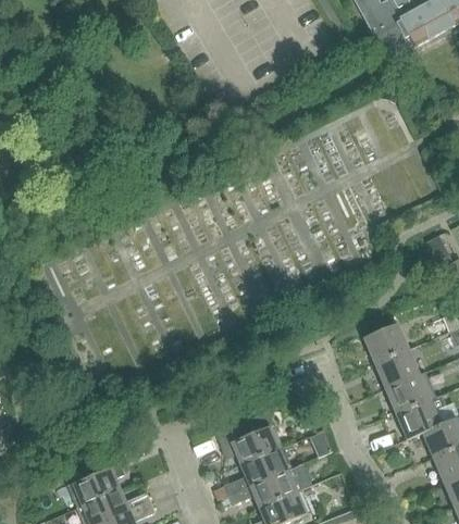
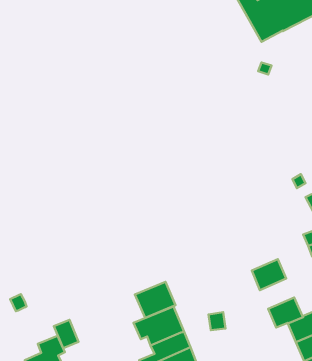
building: [363,324,409,364] -> none
building: [385,373,436,415] -> none
building: none -> [135,282,176,318]
building: none -> [54,320,79,348]

